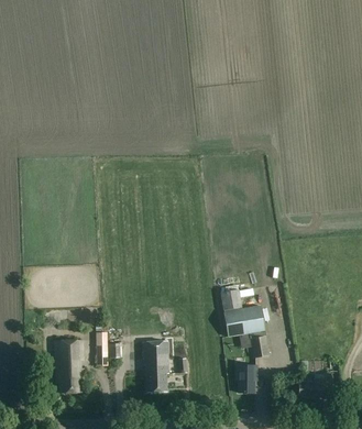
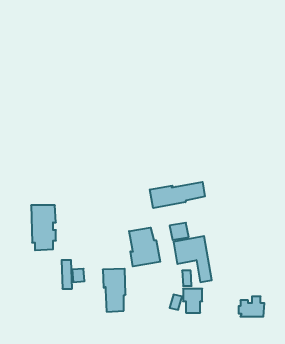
building: none -> [150,182,205,208]
building: none -> [129,228,160,266]
building: [55,341,84,393] -> [31,205,56,250]

